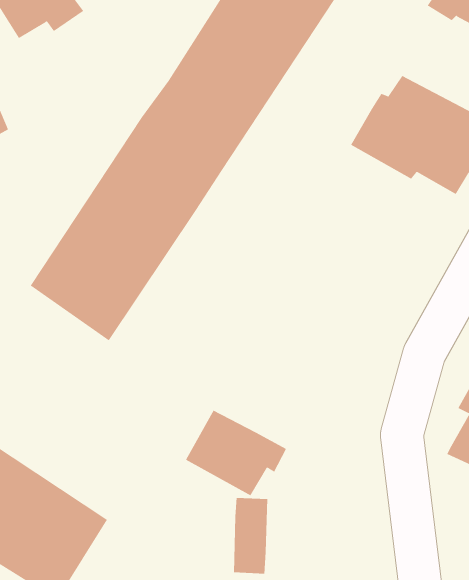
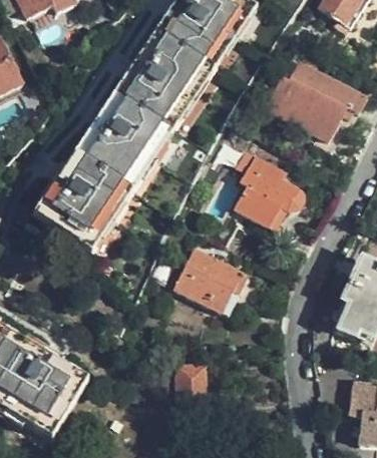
building: none -> [235,151,301,225]
building: [185,410,287,496] -> [174,247,248,309]

